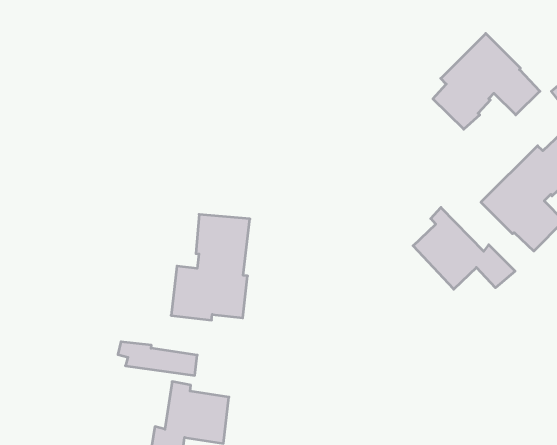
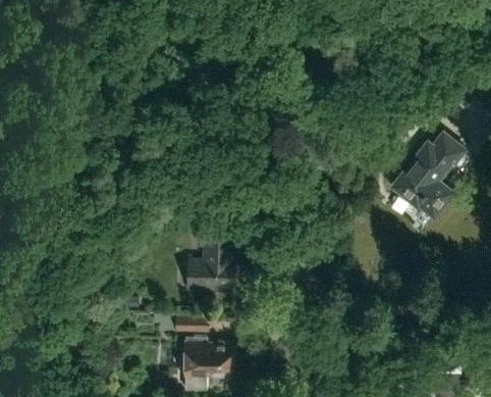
building: [433,33,540,129] -> none
building: [413,207,515,289] -> none

